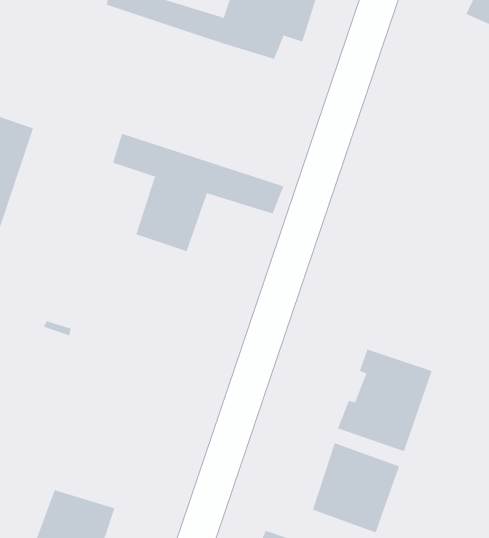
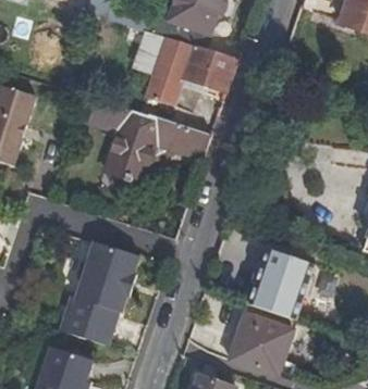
building: none -> [147,38,236,108]
building: none -> [60,246,139,347]

